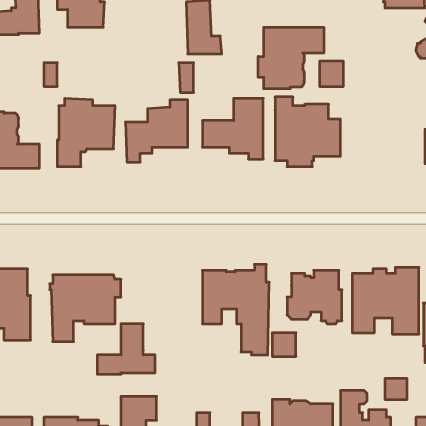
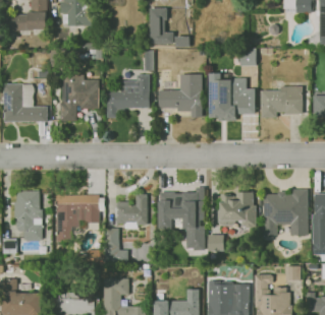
building: [258,27,324,89] -> none
building: none -> [262,86,303,118]
building: none -> [115,194,148,229]

